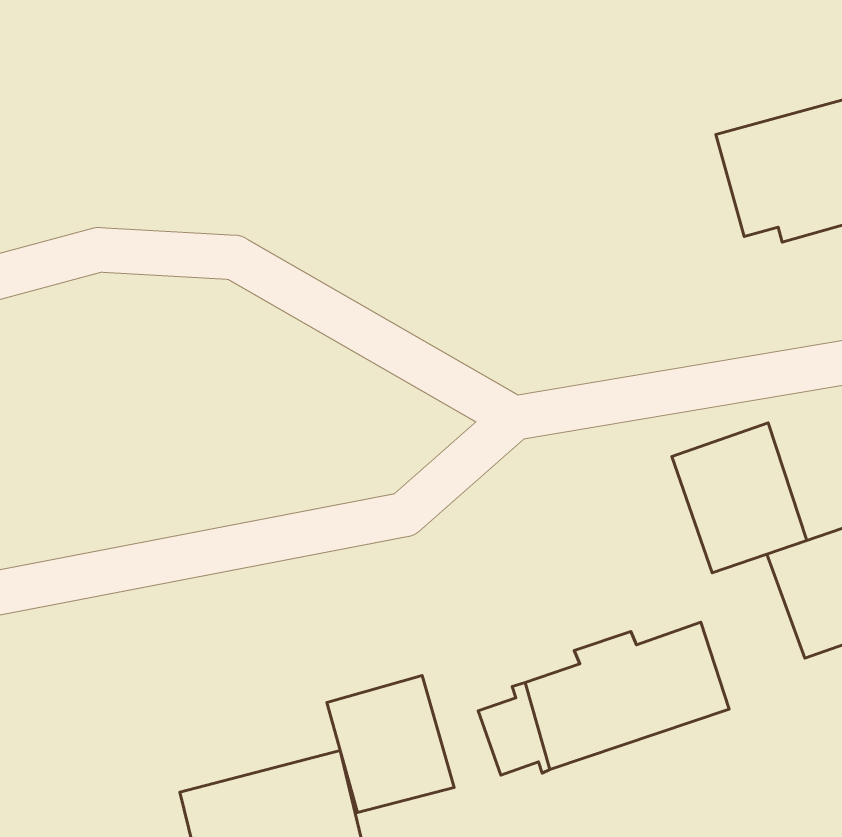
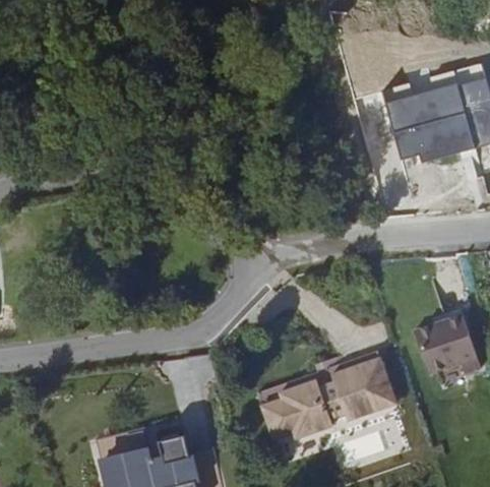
building: [672,423,807,573] -> none
building: [327,675,454,813] -> none

